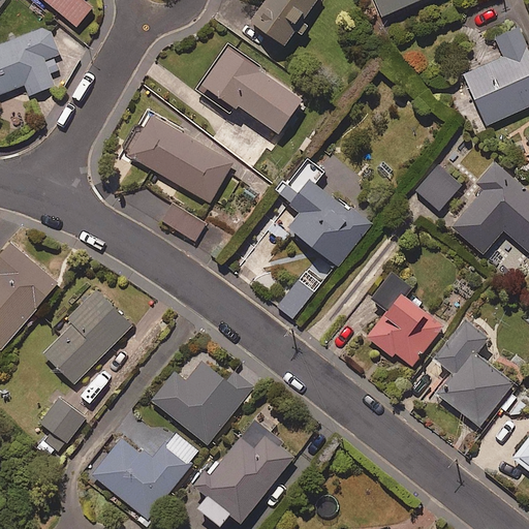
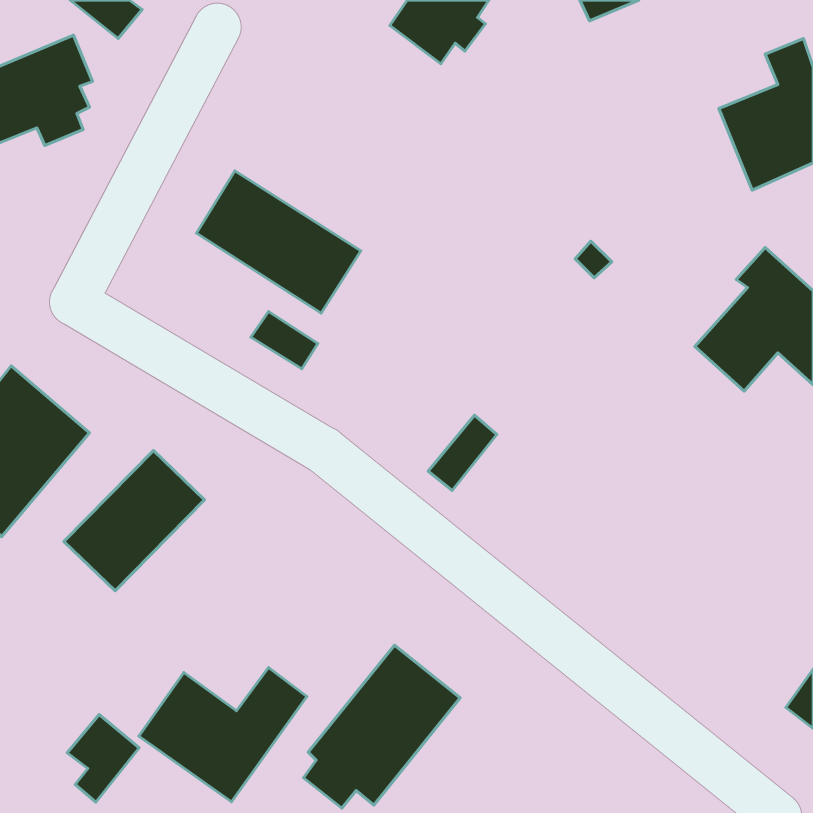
building: [196,44,303,132] -> none
building: [275,157,372,267] -> none
building: [415,164,462,210] -> none
building: [366,271,445,367] -> none
building: [435,319,515,426] -> none
building: [153,362,253,445] -> none
building: [39,398,86,455] -> [67,714,139,802]

